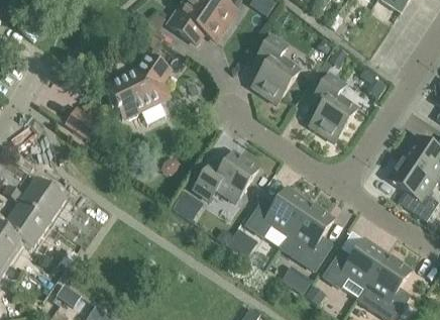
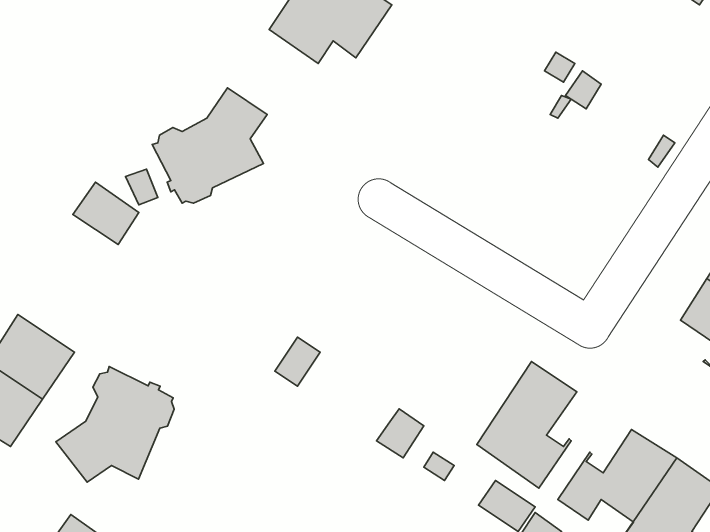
building: [252,35,300,104] -> none
building: [310,75,357,142] -> none
building: [193,151,258,202] -> none
building: [247,188,310,247] -> none
building: none -> [56,366,174,482]

